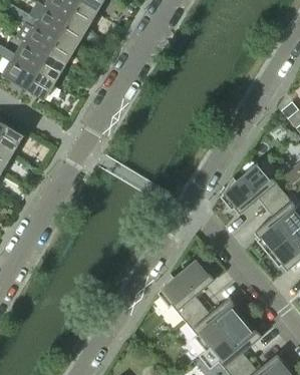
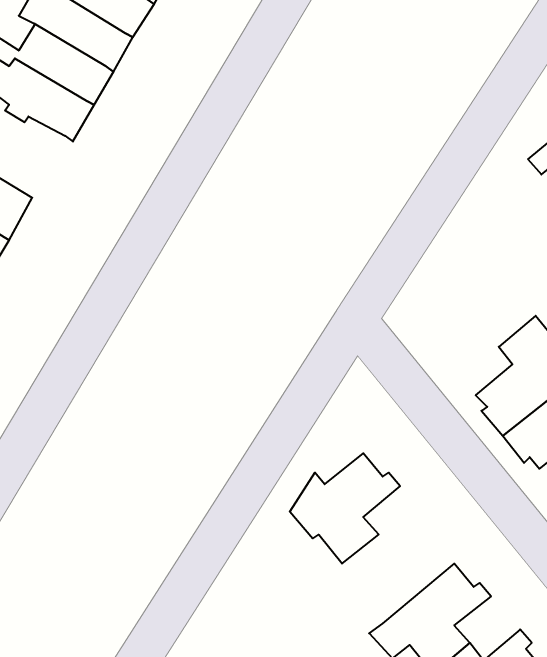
building: [219,165,284,215] -> none
building: [184,298,242,351] -> none

